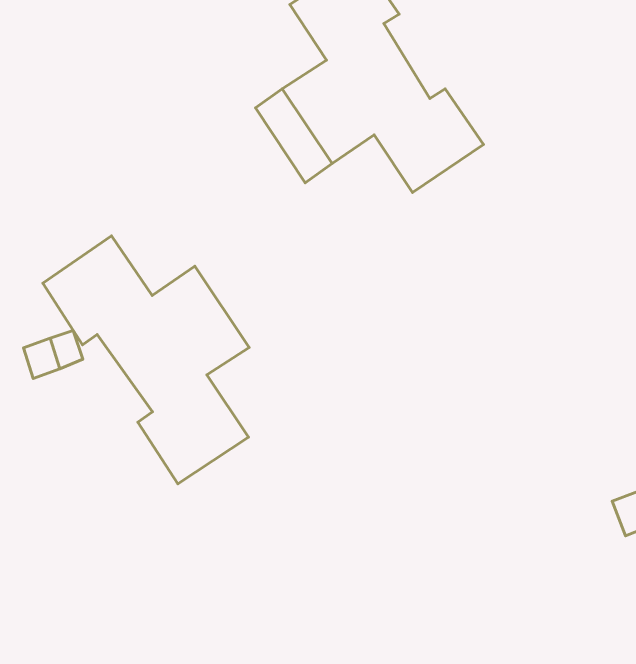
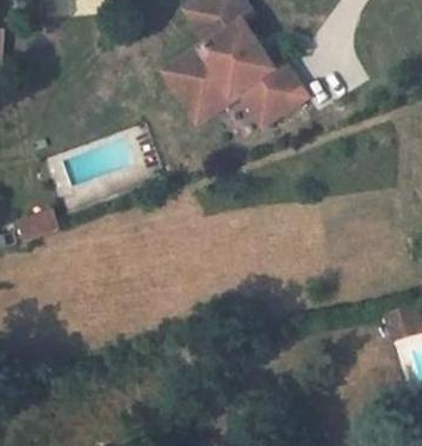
building: [43,236,249,484] -> none

